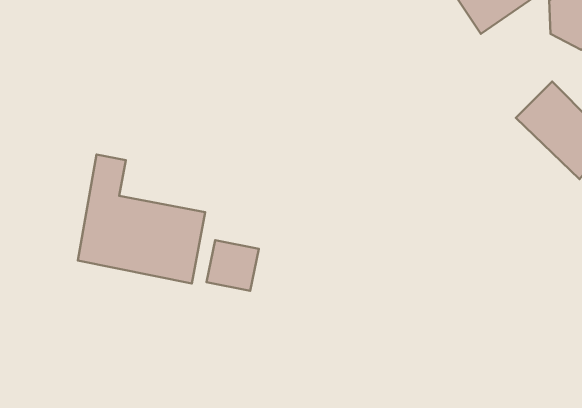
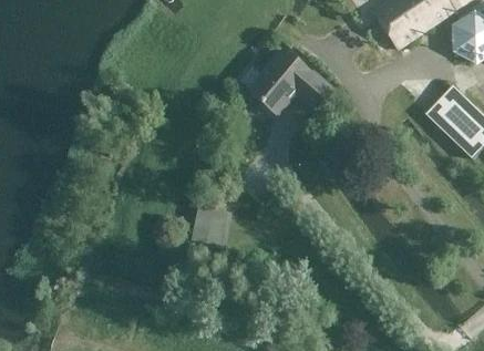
building: none -> [248,50,332,114]
building: [78,155,205,283] -> none

